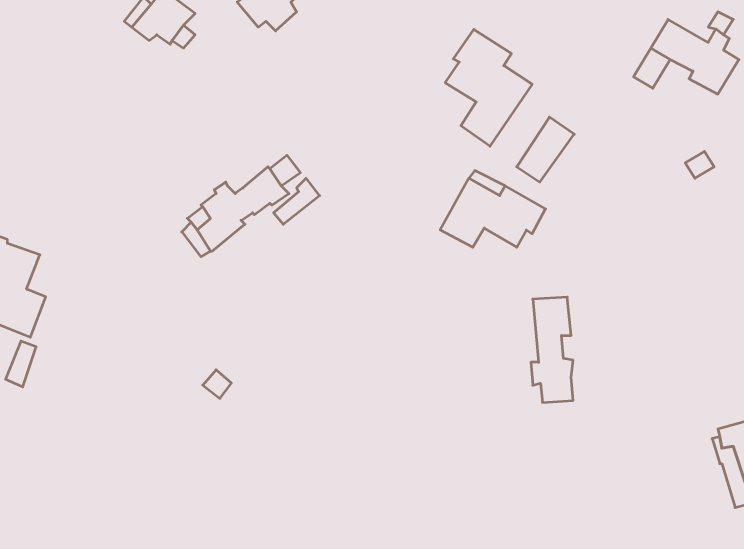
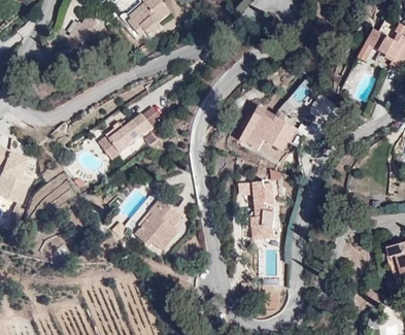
building: [445,29,532,146] -> none
building: [531,297,573,402] -> [250,182,273,239]
building: none -> [135,194,182,246]

